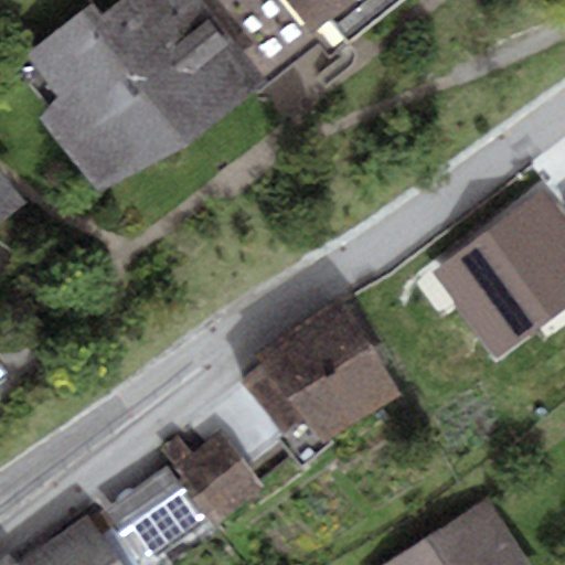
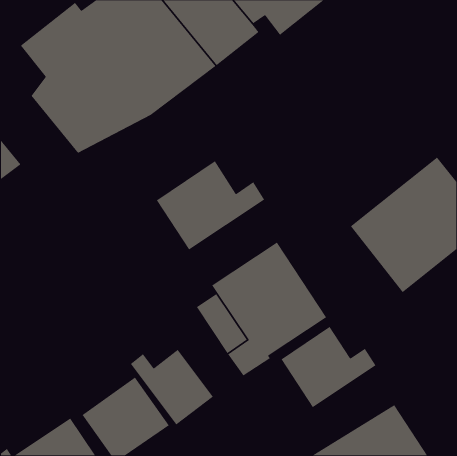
building: none -> [156,160,265,250]
building: none -> [280,326,376,408]

